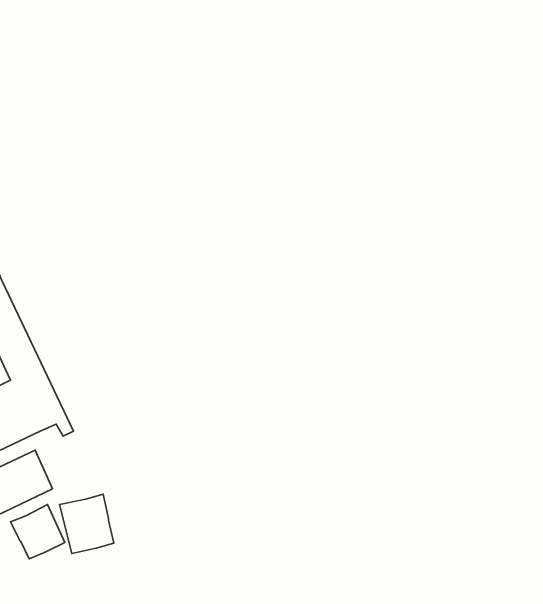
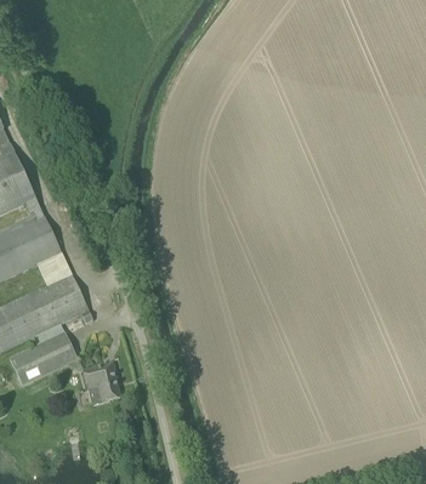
building: [11,505,65,559] -> none

